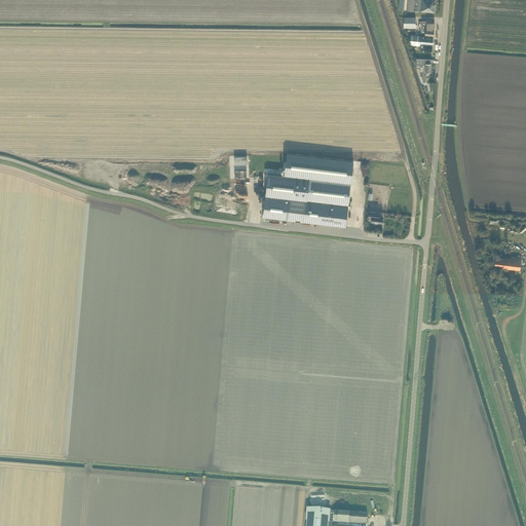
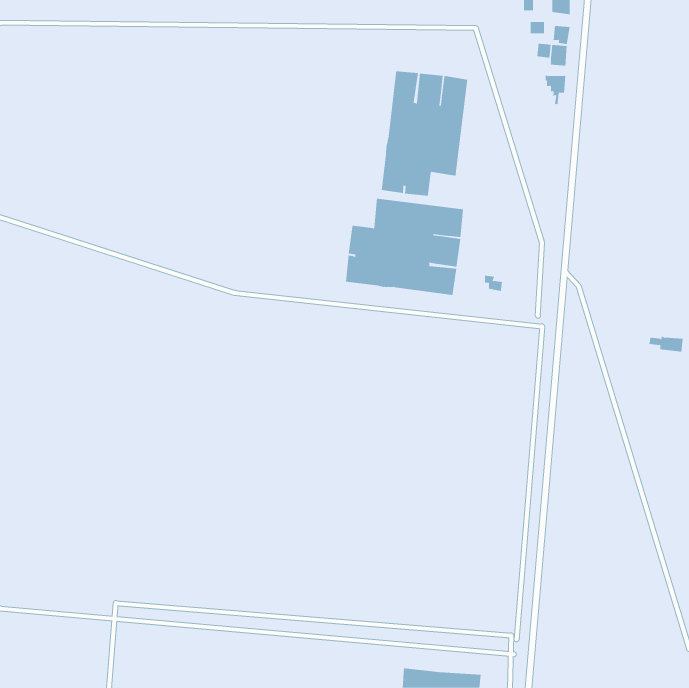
building: none -> [381,70,468,197]

